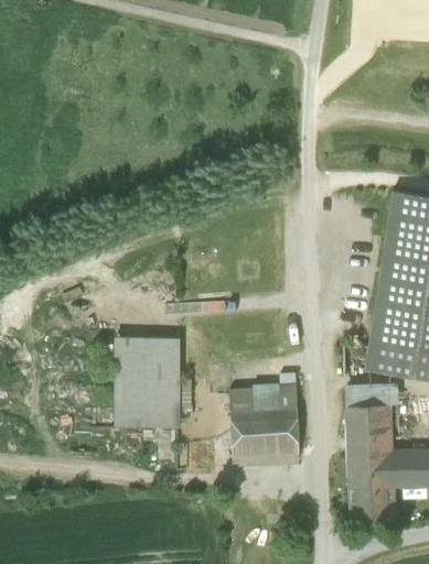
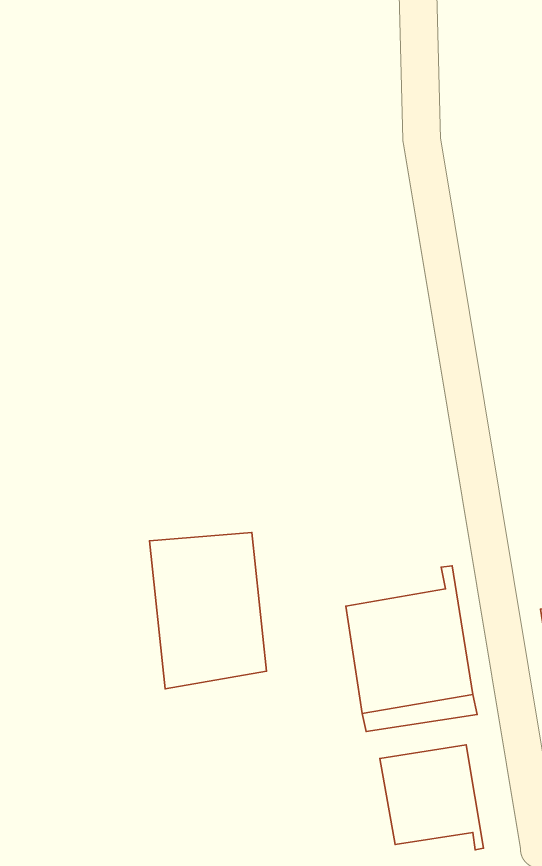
building: none -> [380,745,484,850]

